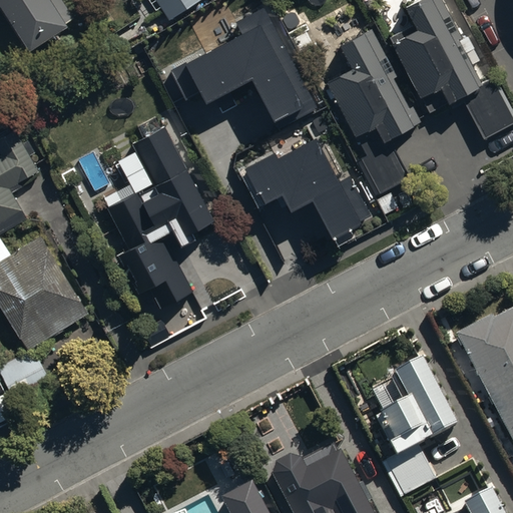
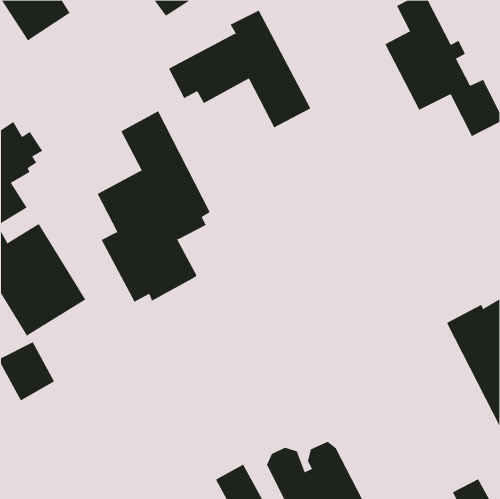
building: [327,33,422,200] -> none
building: [246,122,363,241] -> none
building: [379,351,455,493] -> none

